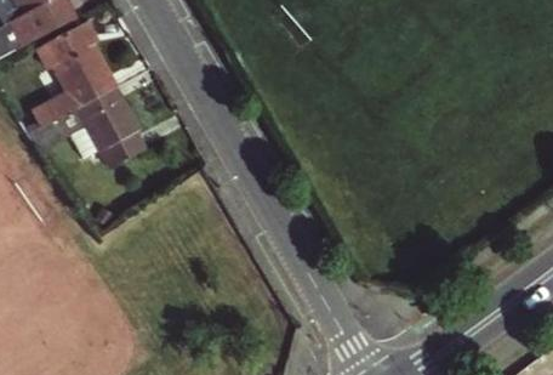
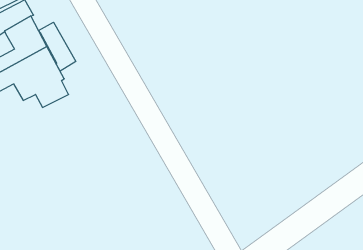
building: none -> [39,22,76,71]

